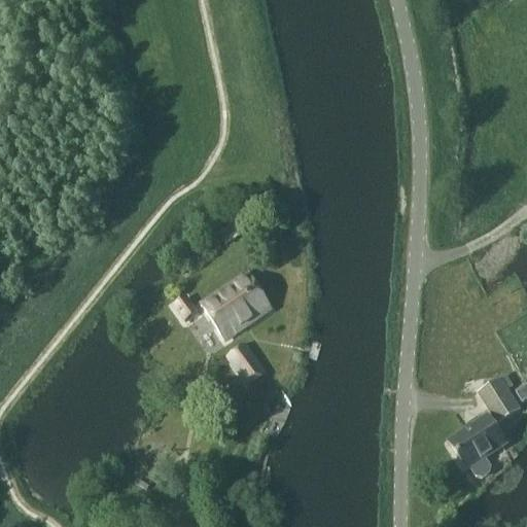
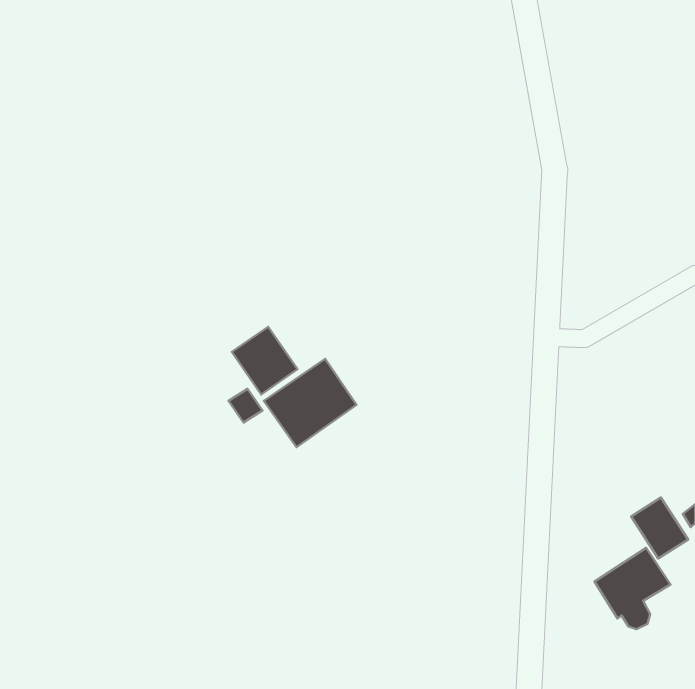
building: none -> [232,327,297,394]
building: [225,342,267,385] -> none

